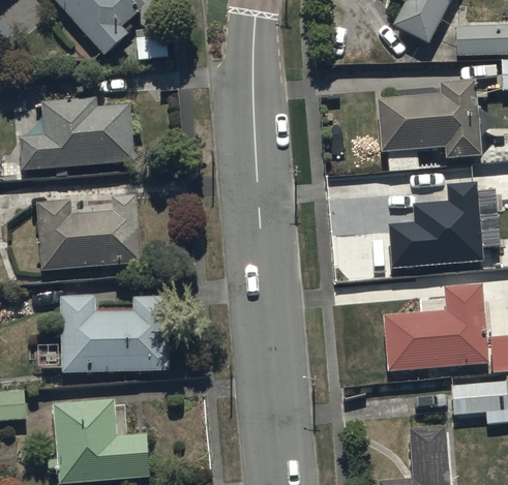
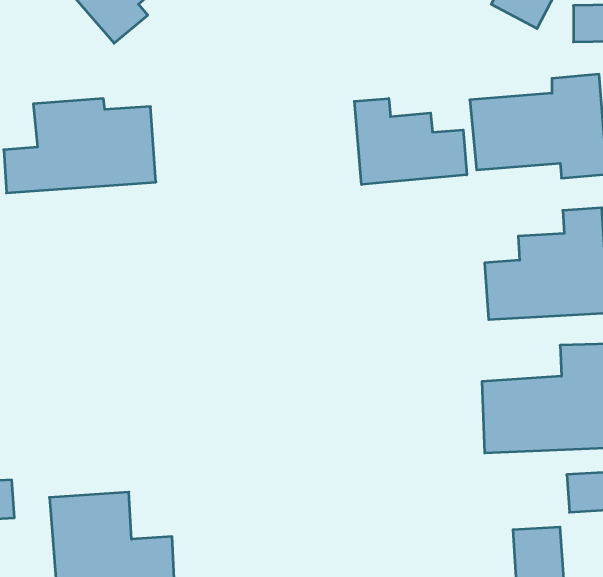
building: none -> [354,98,467,185]
building: [36,194,141,270] -> none
building: [59,296,168,371] -> none

